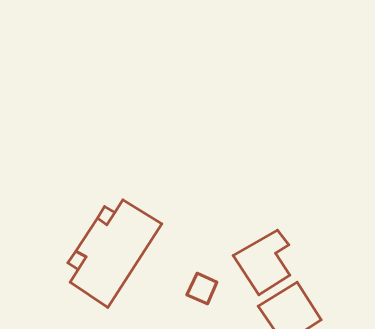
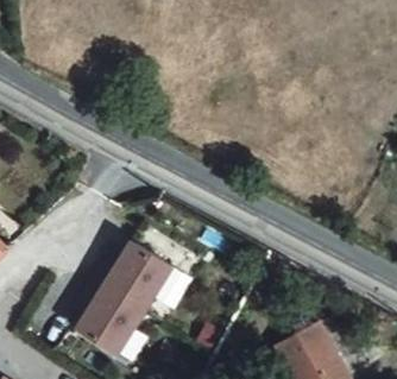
building: [233,230,290,295] -> none

